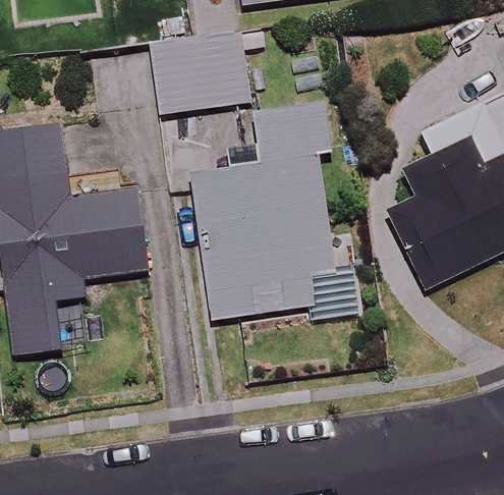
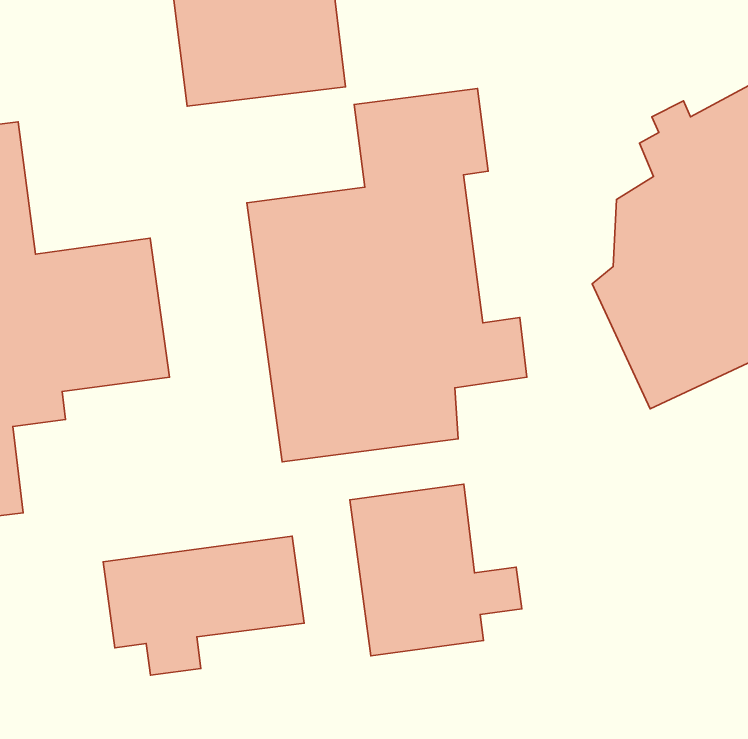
building: none -> [350,484,522,656]
building: none -> [103,536,304,675]

